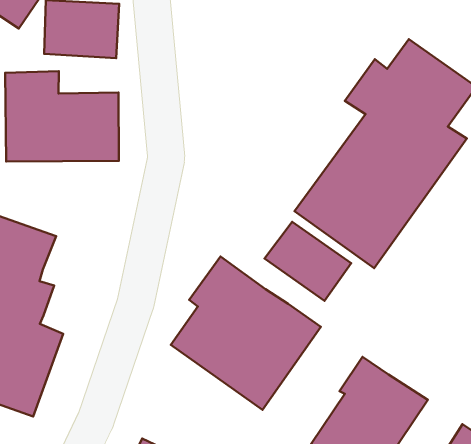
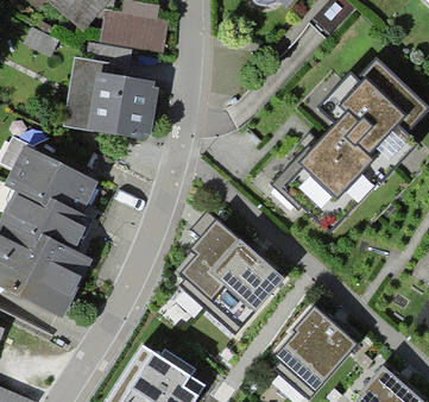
building: [264,222,351,301] -> none

